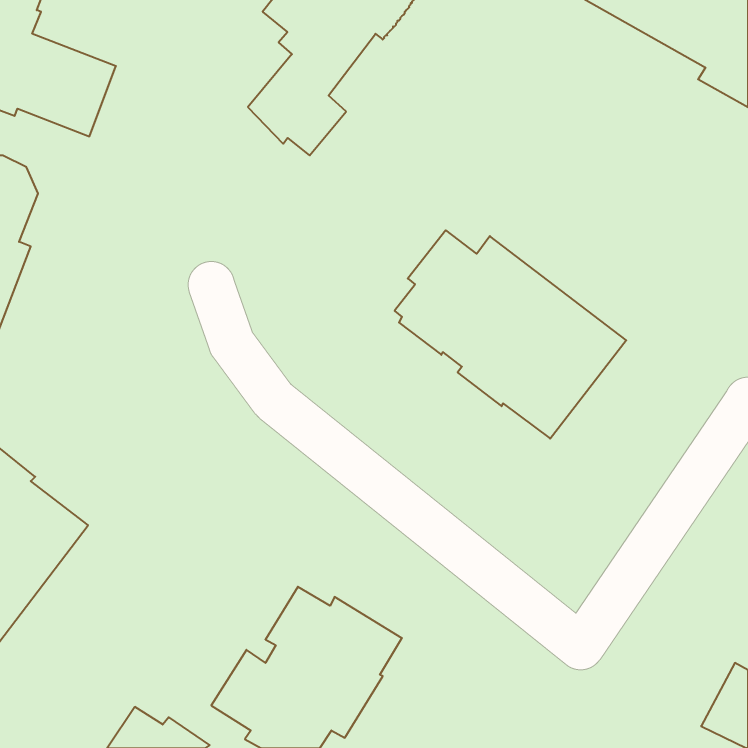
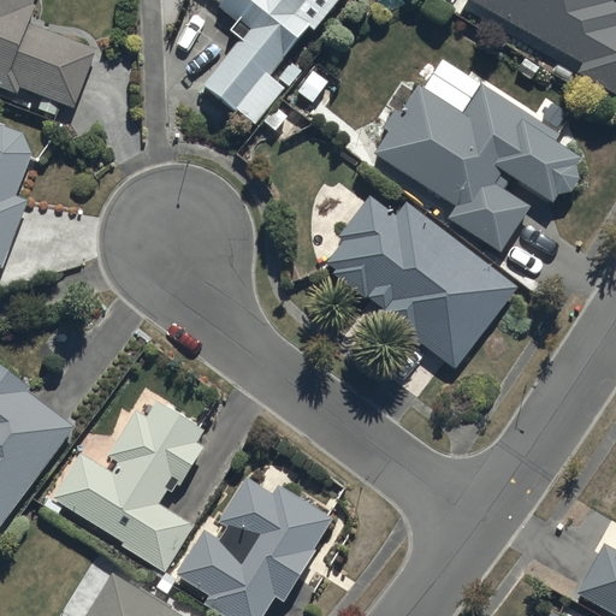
building: none -> [369,76,576,245]
building: none -> [55,403,205,573]

